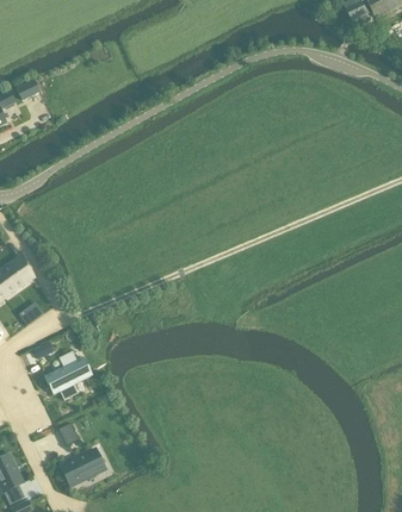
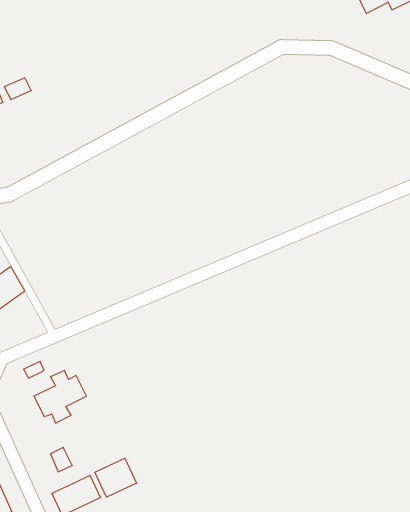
building: none -> [95,458,137,497]

